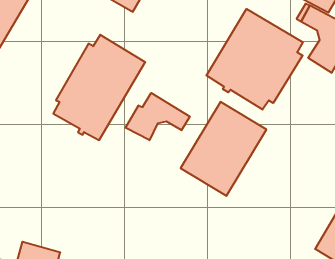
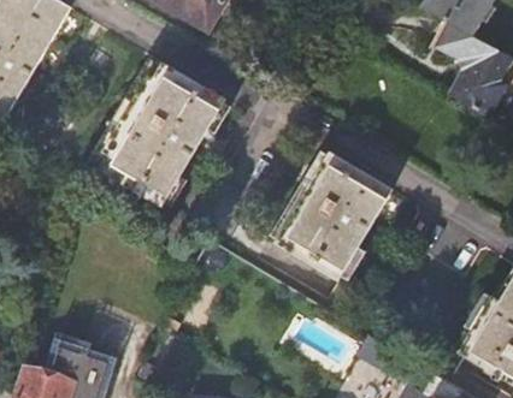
building: [206,9,303,110] -> none
building: [125,93,190,140] -> none

